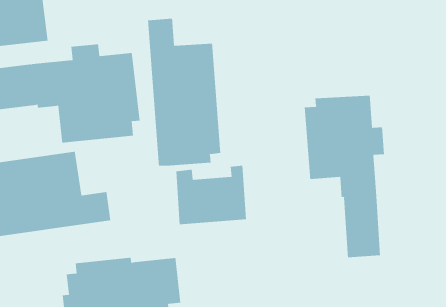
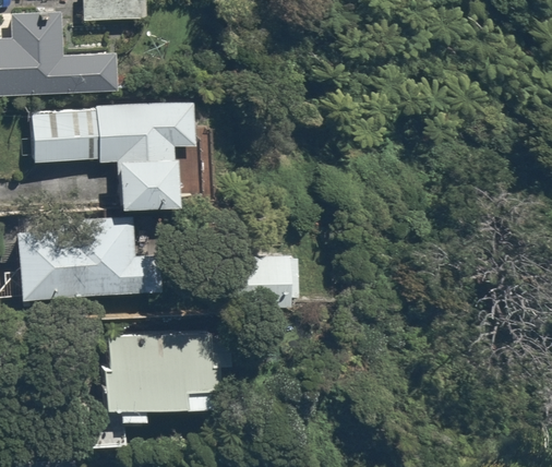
building: [148,18,221,166] -> none
building: [304,95,385,258] -> none

